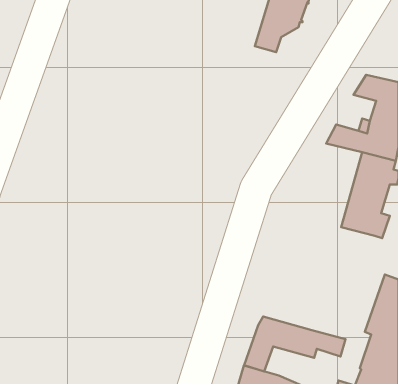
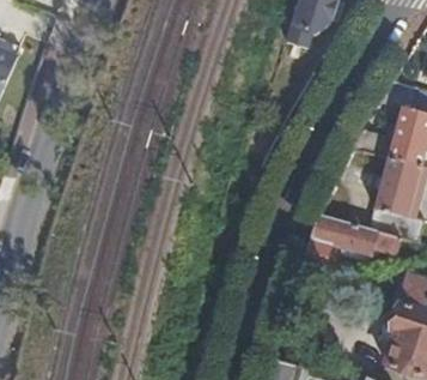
building: [244,317,345,371] -> [304,215,401,267]

